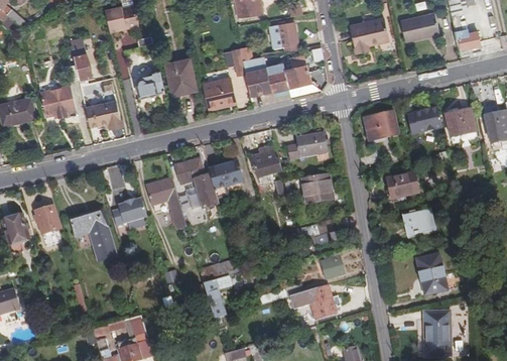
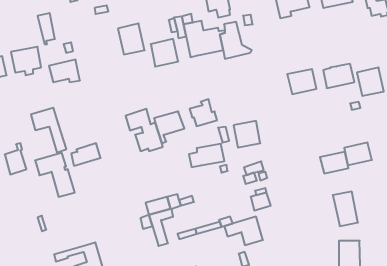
building: [136,70,166,97] -> none
building: [286,132,328,159] -> [189,144,224,167]
building: [386,172,418,199] -> [344,143,372,165]
building: [145,177,186,230] -> [31,108,66,153]

